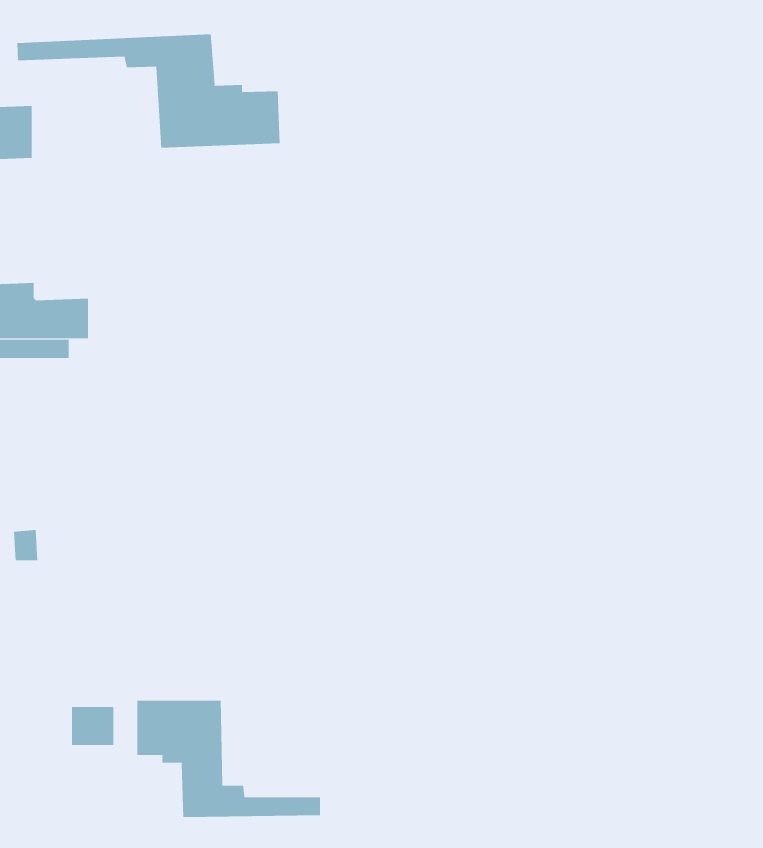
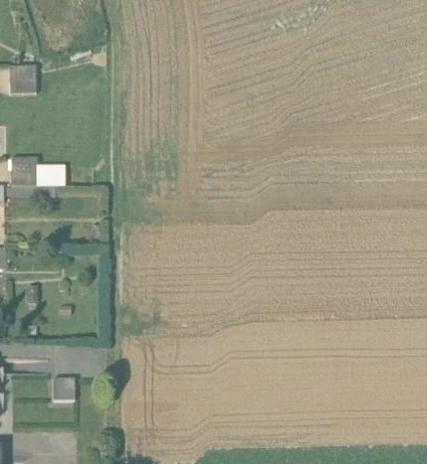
building: [17,34,280,148] -> none
building: [137,700,320,818] -> none

